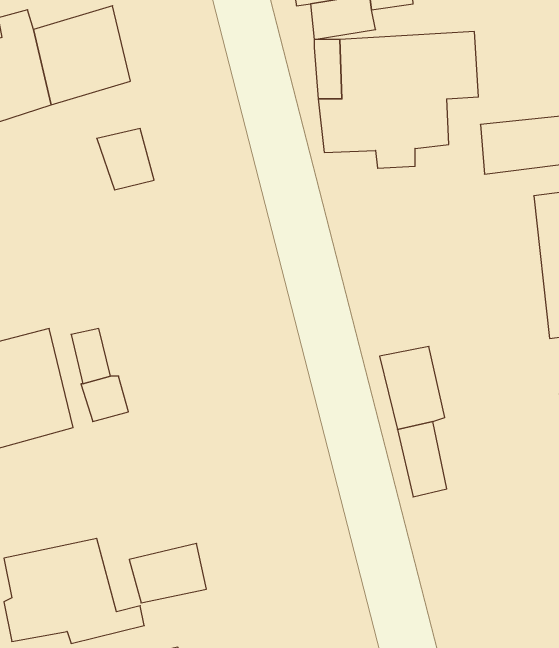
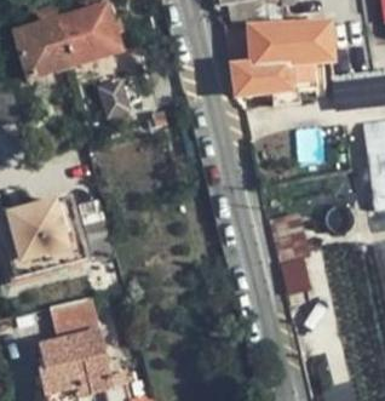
building: [129,543,206,603] -> [48,297,96,333]

